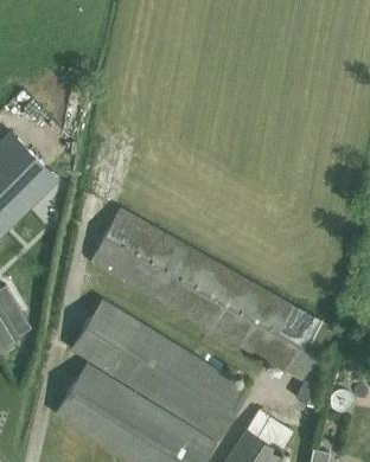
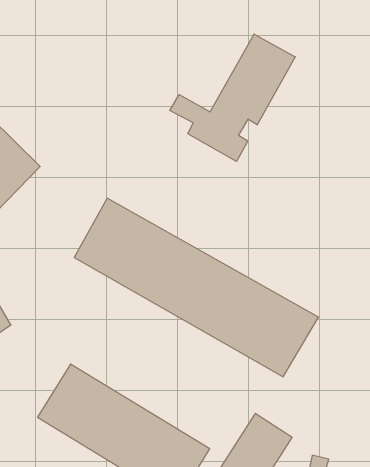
building: none -> [170,34,295,161]
building: [70,300,249,439] -> none

